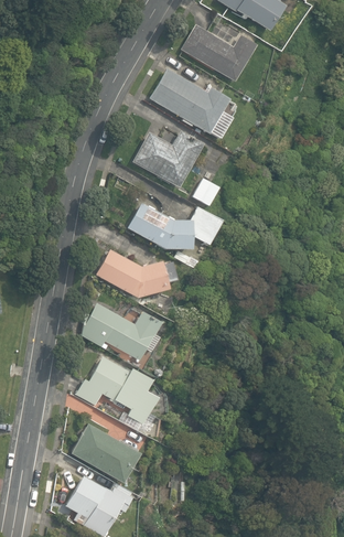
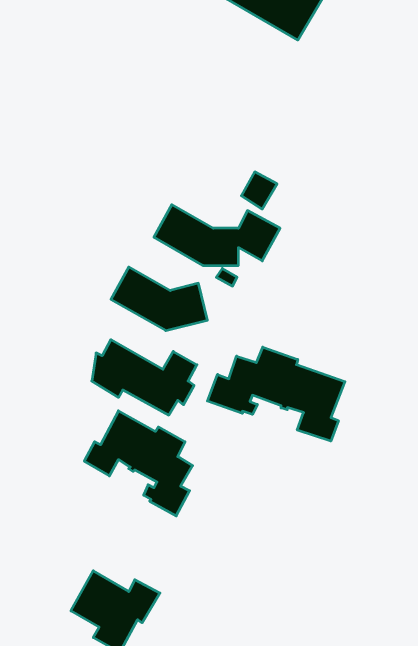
building: [149,68,229,133] -> none
building: [132,131,203,187] -> none
building: none -> [207,347,345,441]
building: [71,423,138,482] -> none

